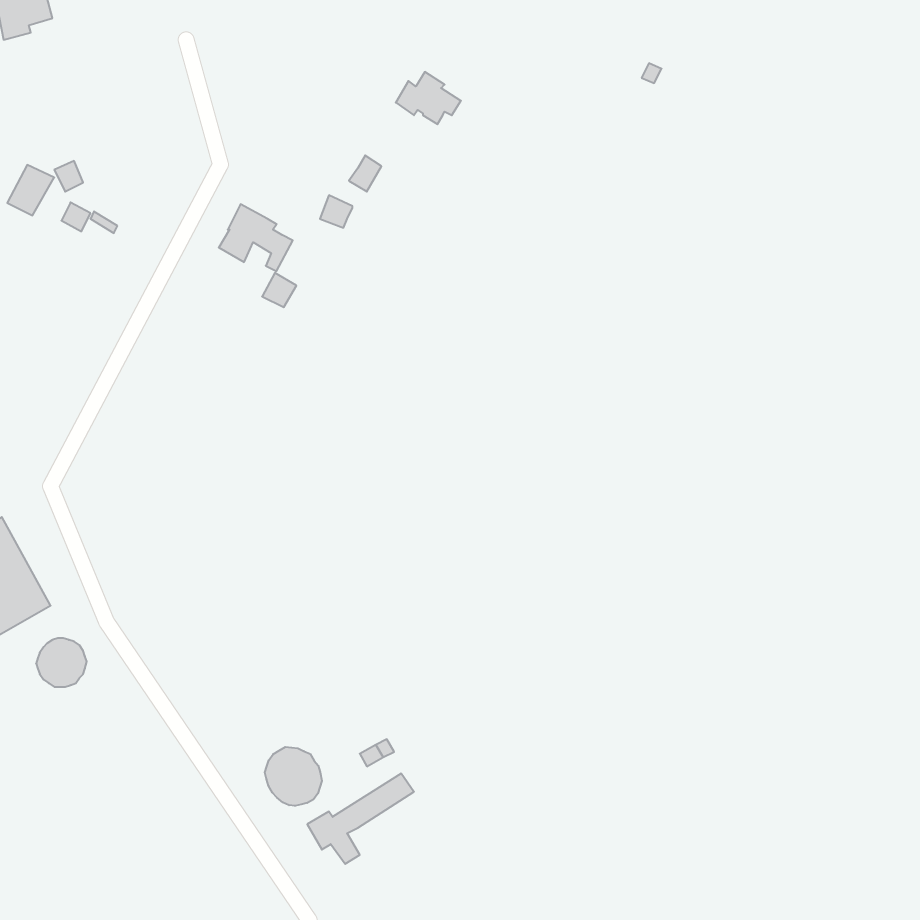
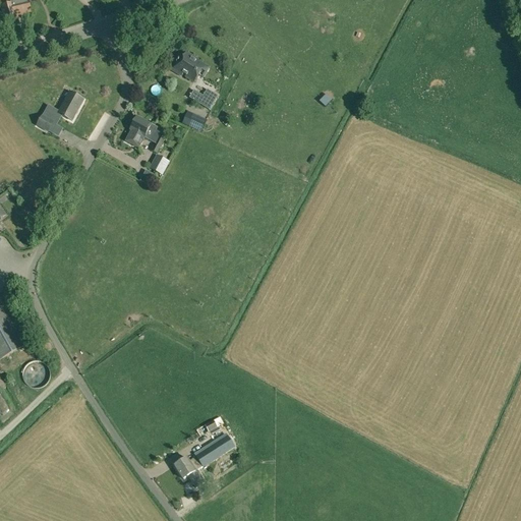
building: [396,72,461,124] -> [169,51,206,80]
building: [7,165,54,215] -> [56,91,82,119]
building: [265,747,322,806] -> none

